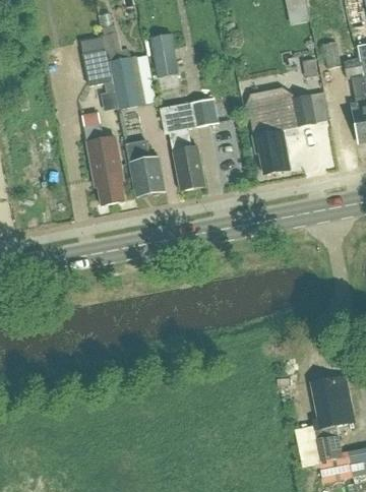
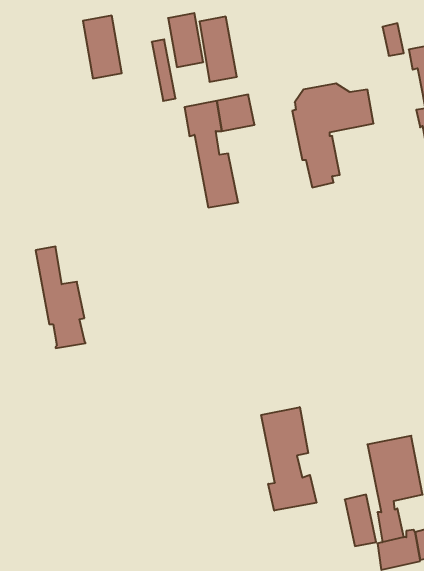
building: [109,55,139,108] -> [199,17,237,82]
building: [83,122,124,204] -> [36,247,86,348]
building: [125,138,164,195] -> none
building: none -> [261,407,316,511]

